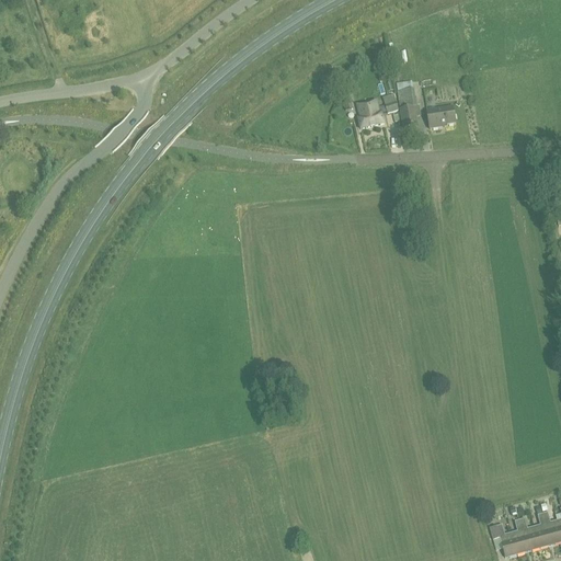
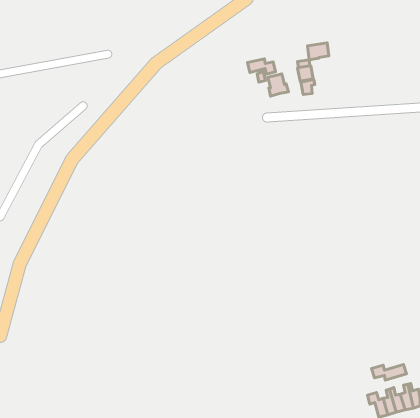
building: none -> [247,59,276,74]
building: [427,105,456,128] -> [307,43,329,60]
building: none -> [372,365,406,380]

